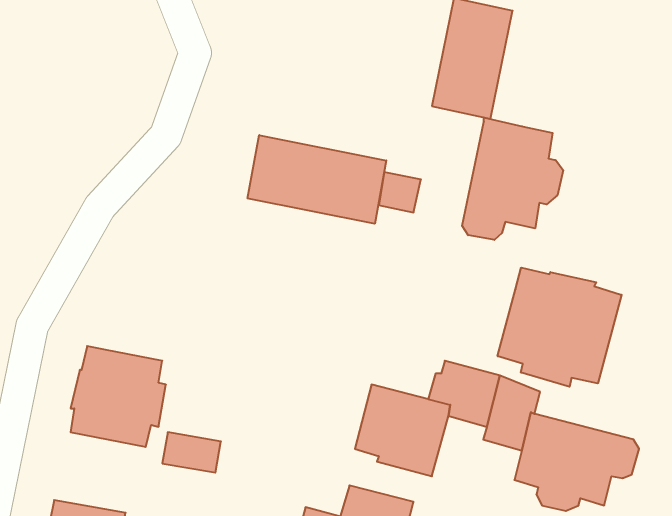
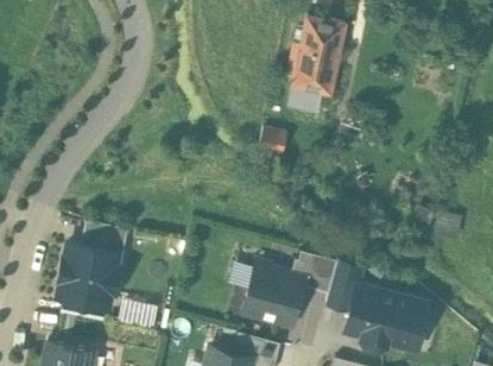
building: [462,117,563,240] -> none
building: [248,135,386,224] -> none
building: [498,268,622,387] -> none
building: none -> [81,221,127,253]

